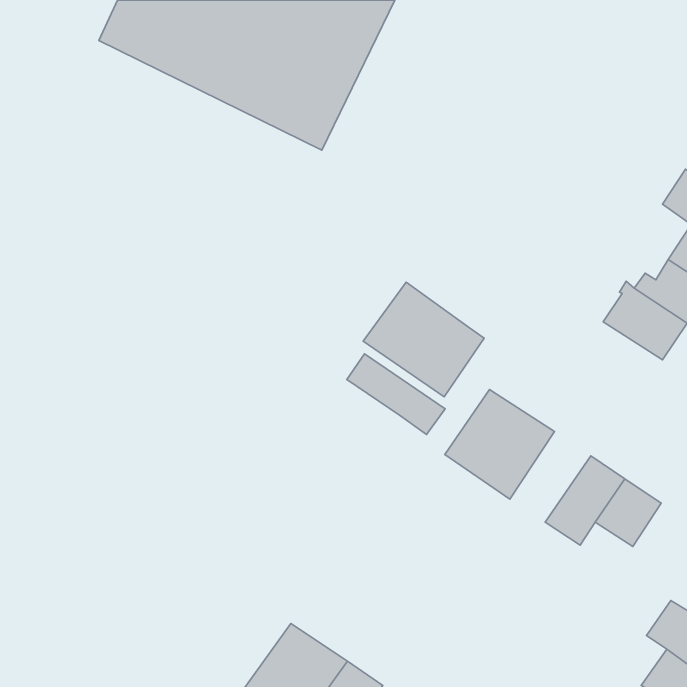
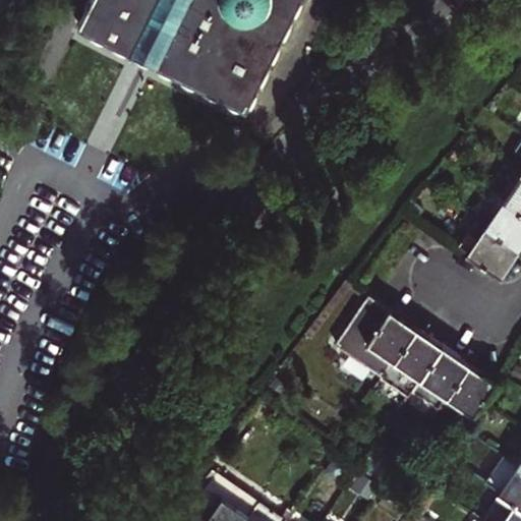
building: [363,282,484,397] -> none
building: [347,354,445,434] -> none
building: none -> [387,328,448,396]

